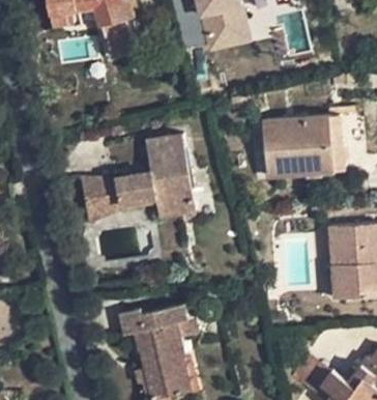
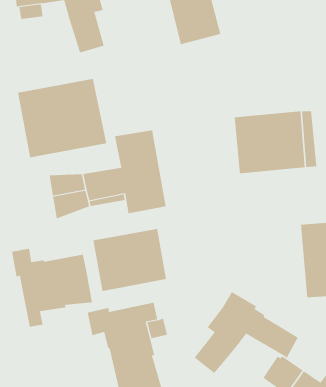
building: none -> [17,78,107,158]
building: none -> [93,228,166,292]
building: none -> [12,248,92,328]
building: none -> [194,291,299,374]

